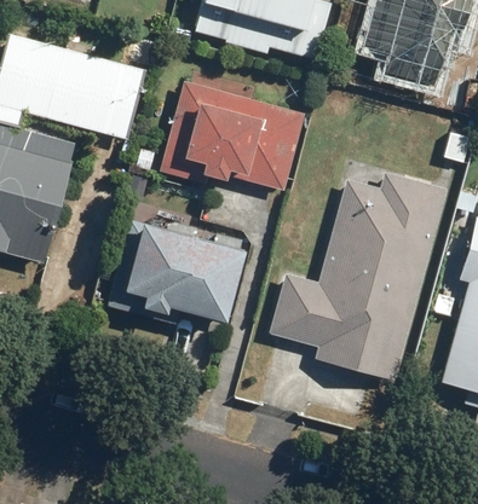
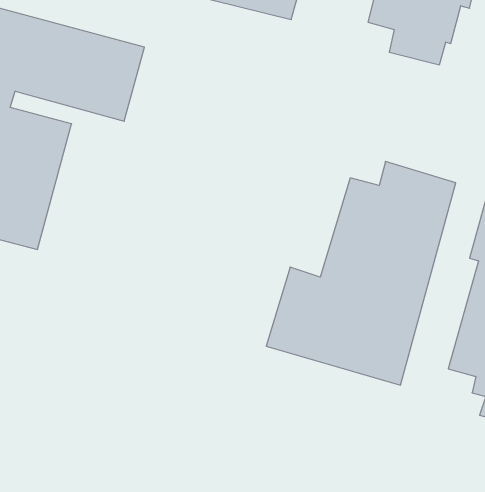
building: [157,79,304,189] -> none
building: [105,216,244,321] -> none

